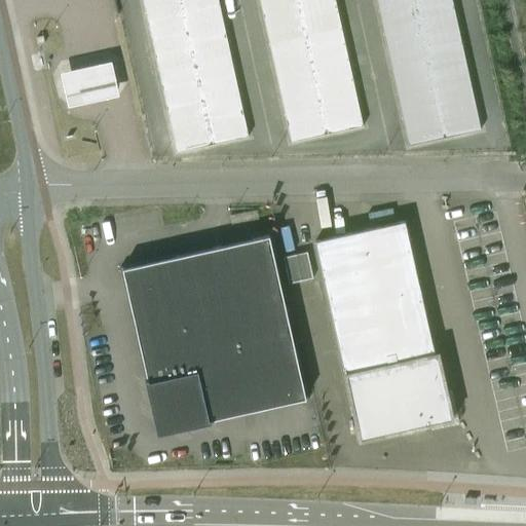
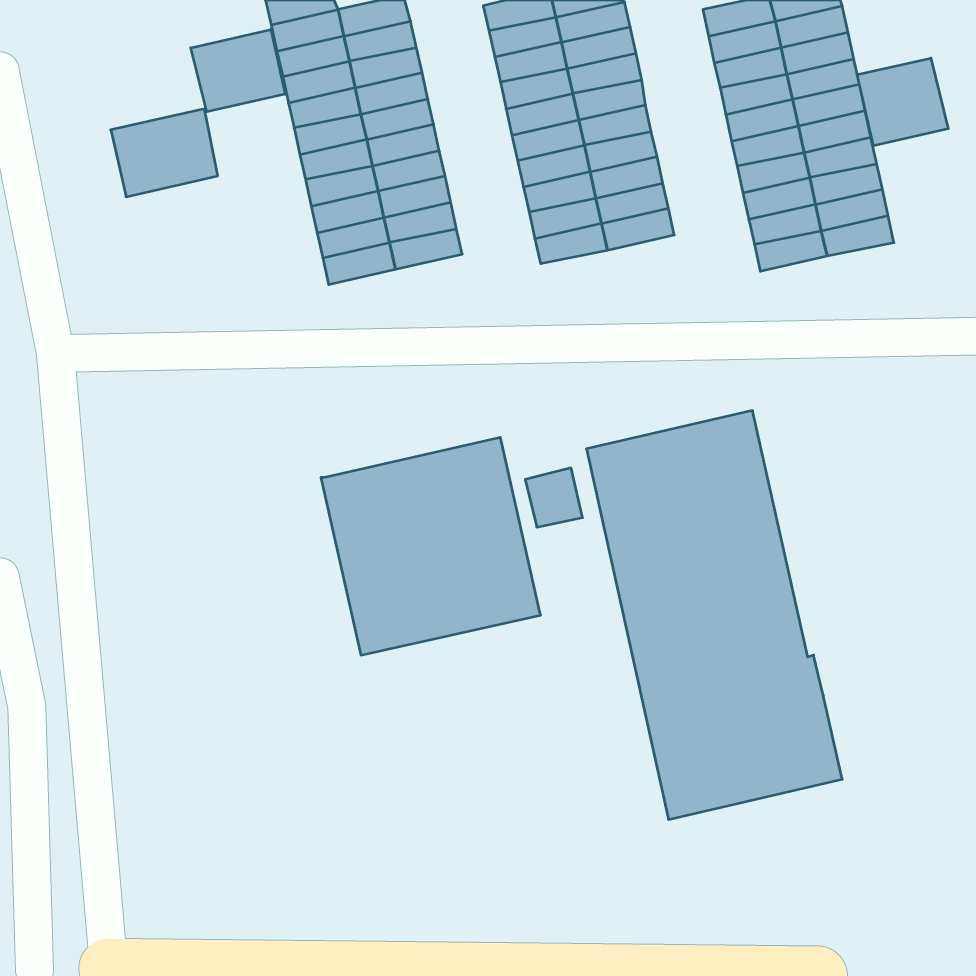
building: none -> [191,29,285,112]
building: none -> [857,58,948,146]
building: [123,255,307,430] -> none

